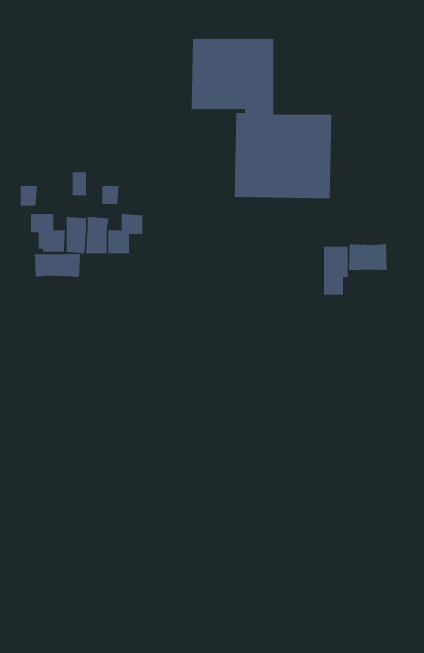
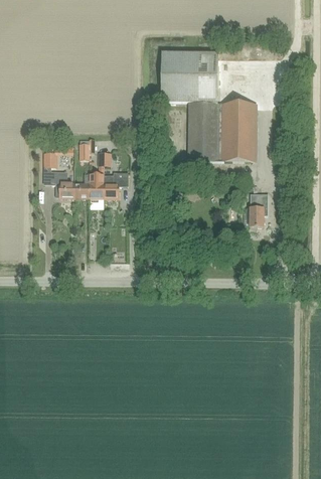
building: [348,243,387,271] -> none
building: [34,253,81,277] -> none

